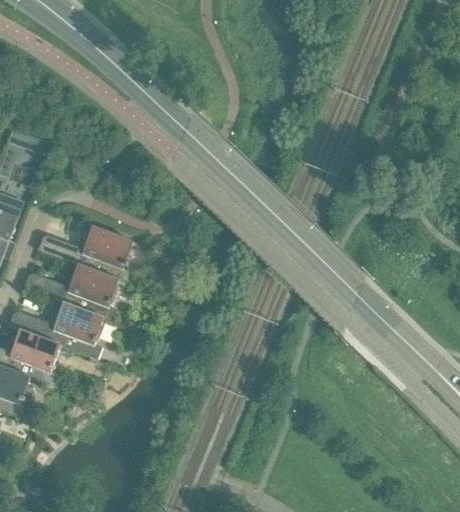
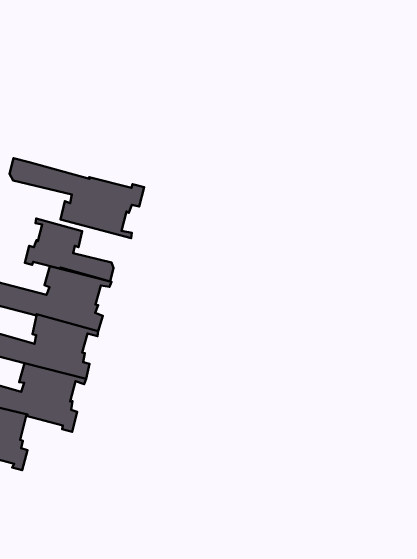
building: none -> [9,158,144,238]
building: none -> [25,219,114,281]

